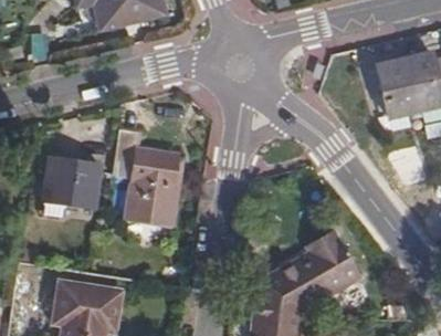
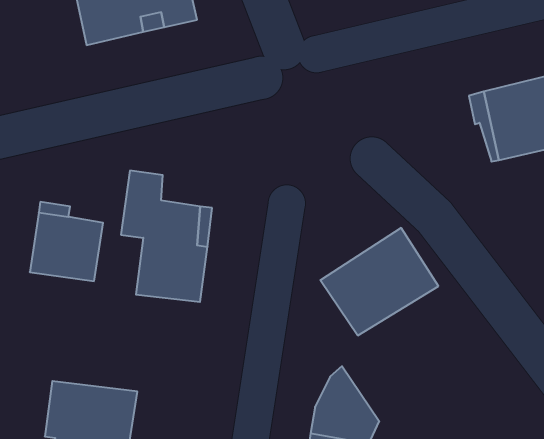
building: [273,233,360,313] -> [320,228,438,335]

